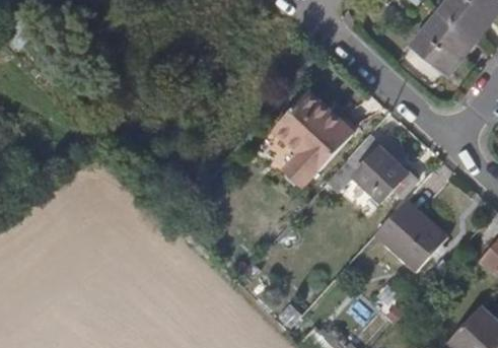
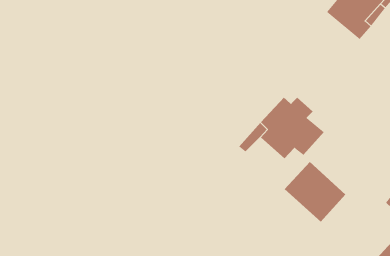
building: [275,91,353,183] -> none

